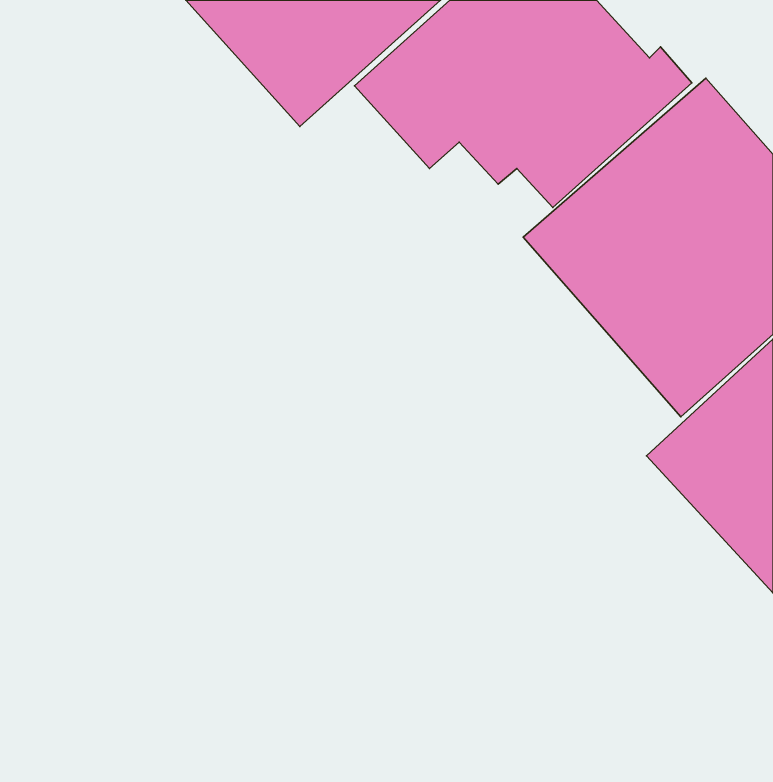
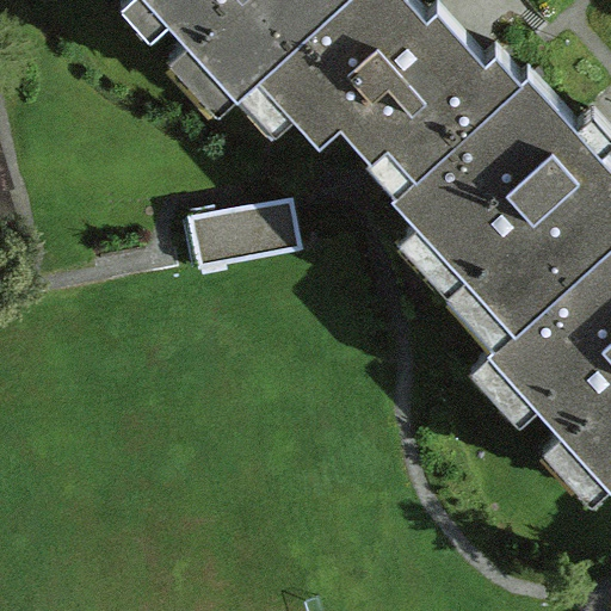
building: none -> [178,210,284,274]

